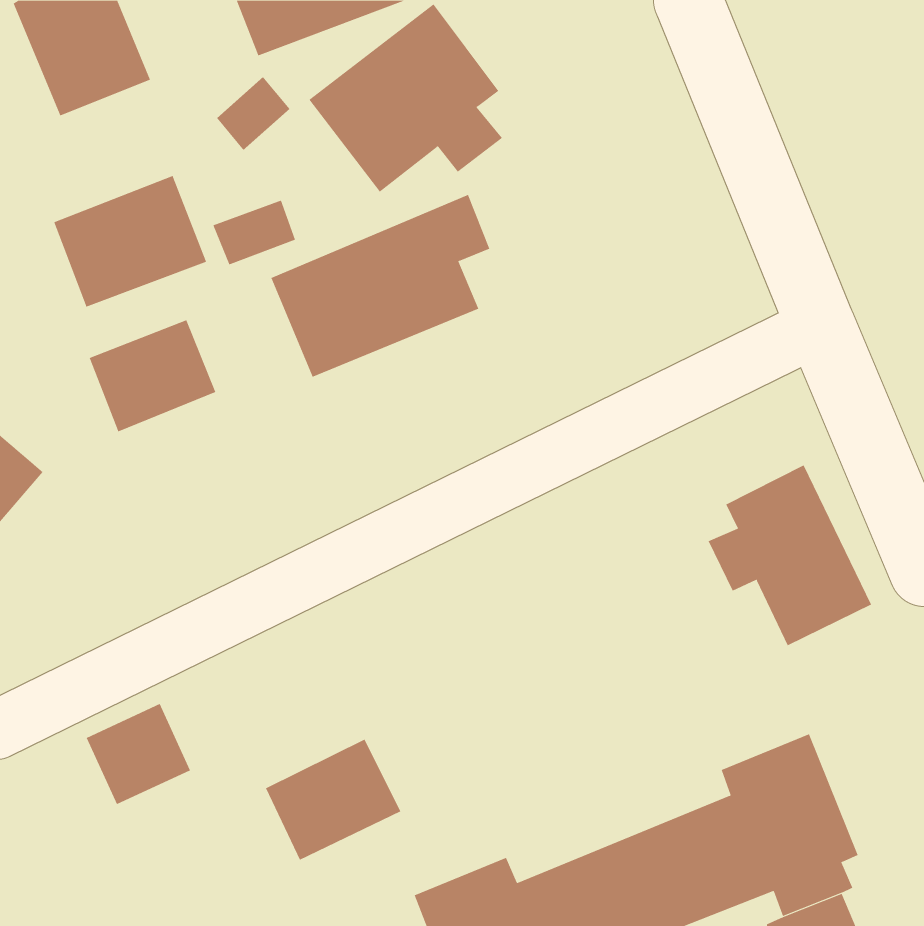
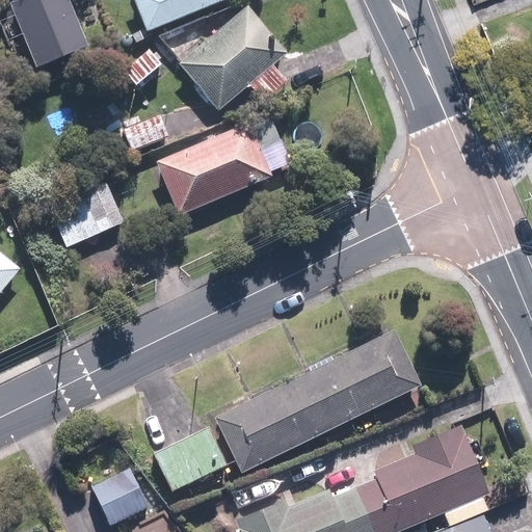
building: [54,175,207,307] -> none
building: [708,465,872,646] -> none
building: none -> [215,327,421,471]
building: [86,703,191,805] -> [92,468,153,526]

